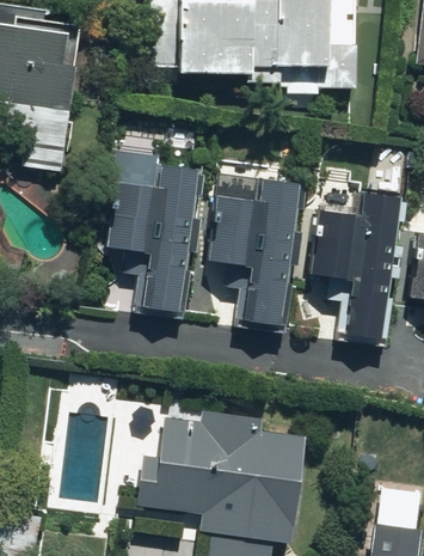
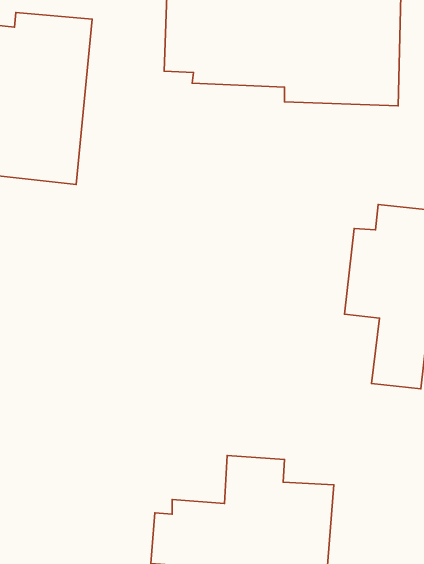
building: [110,167,193,318] -> none
building: [207,176,296,331] -> none

